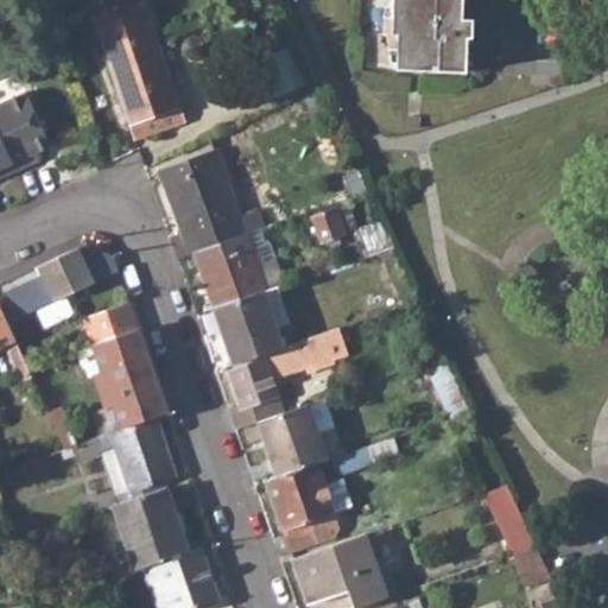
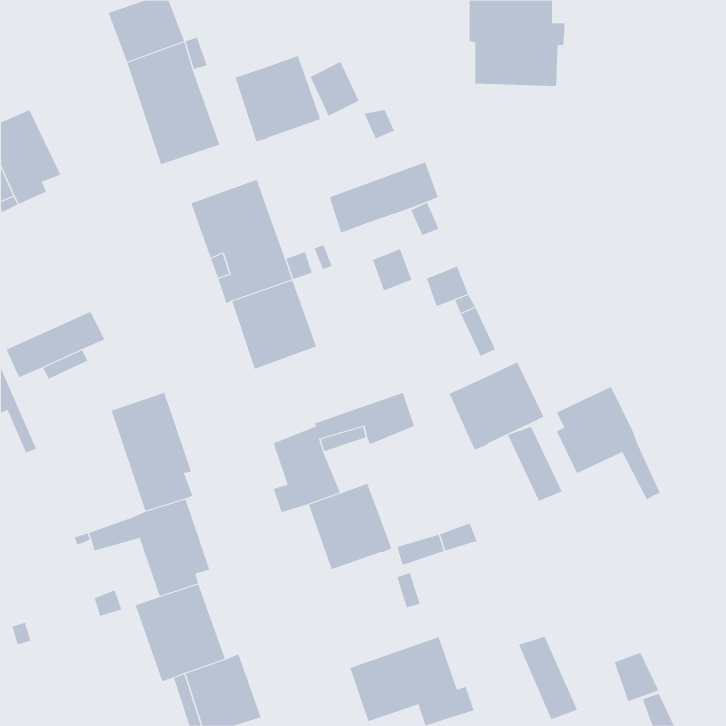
building: none -> [235,55,321,142]
building: none -> [329,162,438,234]
building: [213,291,283,365] -> none
building: [84,302,138,343] -> none
building: none -> [449,361,544,450]
building: none -> [556,386,661,500]
building: [266,462,338,551] -> none
building: [486,483,536,553] -> [518,636,578,720]

